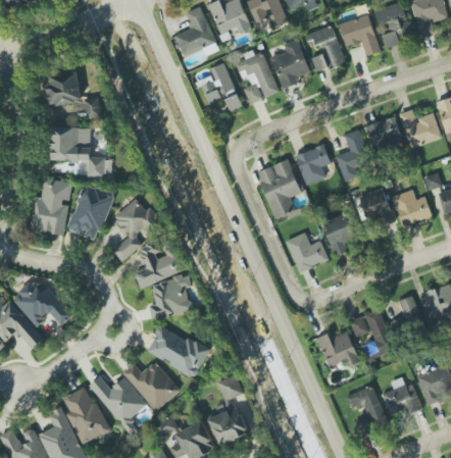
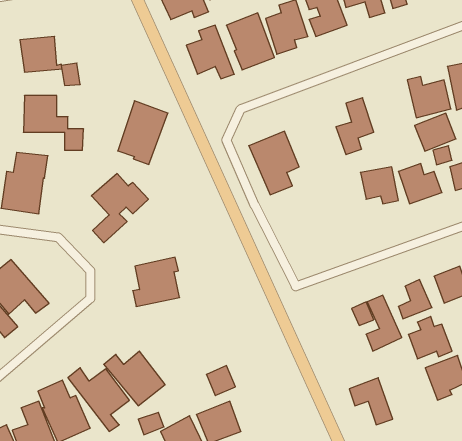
building: [364,115,402,150] -> [415,113,456,151]
building: [295,144,331,185] -> none
building: [67,183,113,241] -> [118,101,168,164]
building: [321,213,354,256] -> none
building: [285,232,329,272] -> none
building: [134,240,184,288] -> none
building: [146,323,209,377] -> none
building: [316,330,359,366] -> none
building: [382,376,421,415] -> [408,316,452,359]

